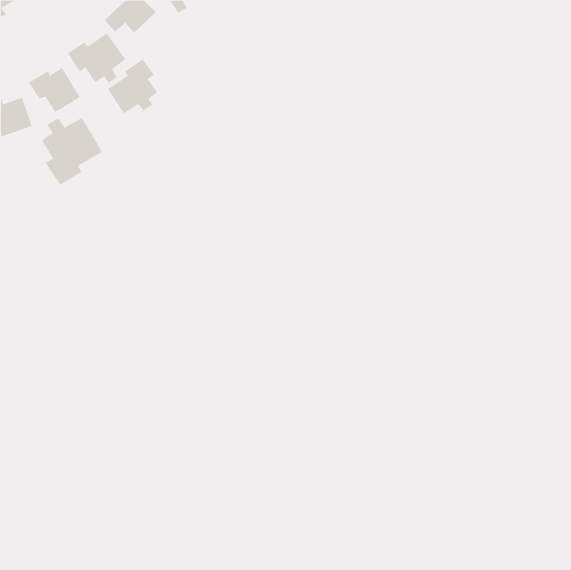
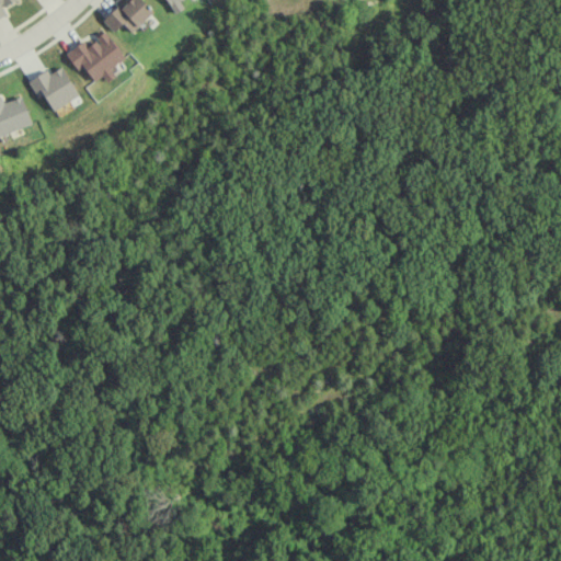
building: [107,59,158,114] -> none
building: [41,117,103,186] -> none

